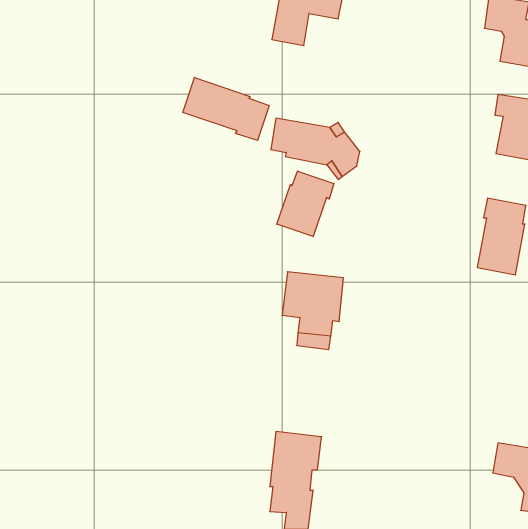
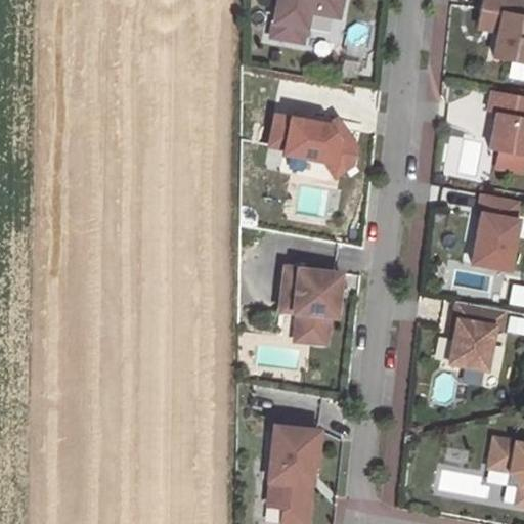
building: [183,77,269,140] -> none
building: [277,171,334,237] -> none
building: none -> [451,302,507,370]

